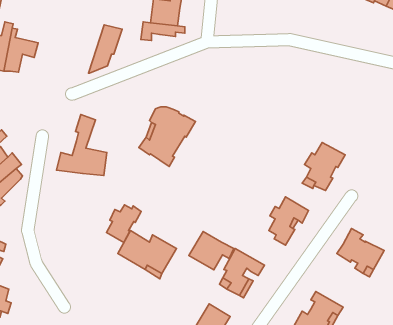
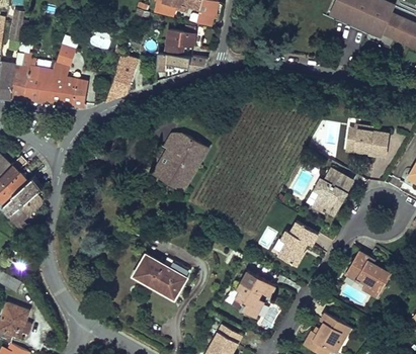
building: none -> [346,125,389,158]
building: [57,115,107,175] -> [37,48,86,106]
building: [106,205,141,242] -> none
building: [189,231,234,270] -> none

